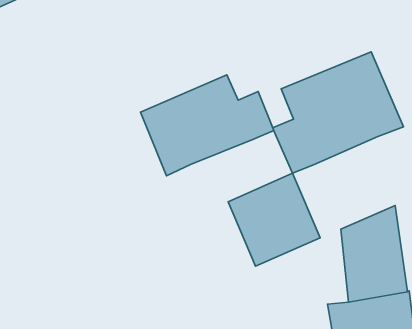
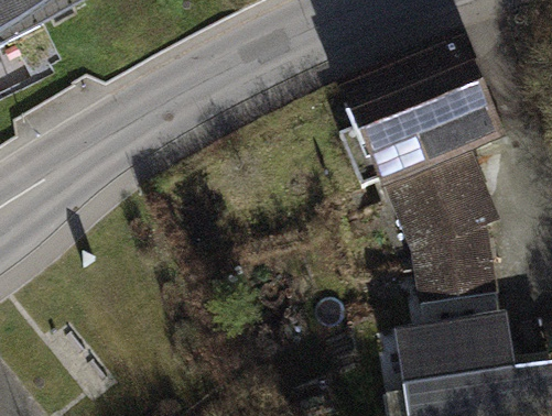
building: [140,75,274,176] -> none
building: [228,173,320,266] -> [391,163,498,271]

